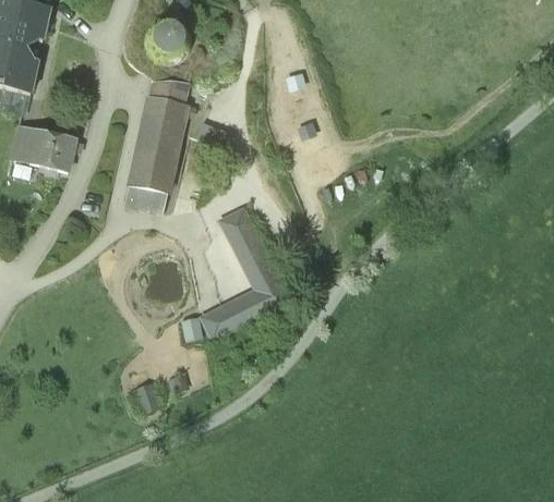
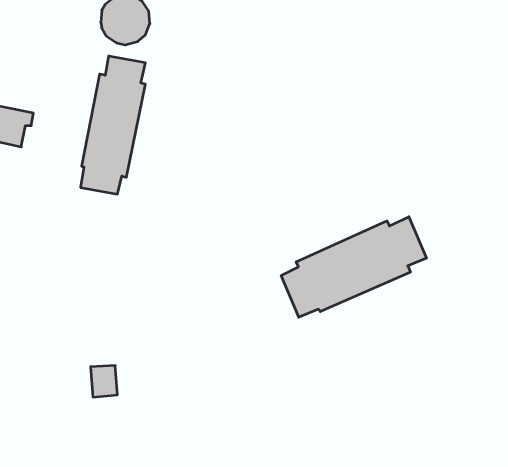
building: [180,205,287,340] -> none
building: none -> [281,217,426,317]

